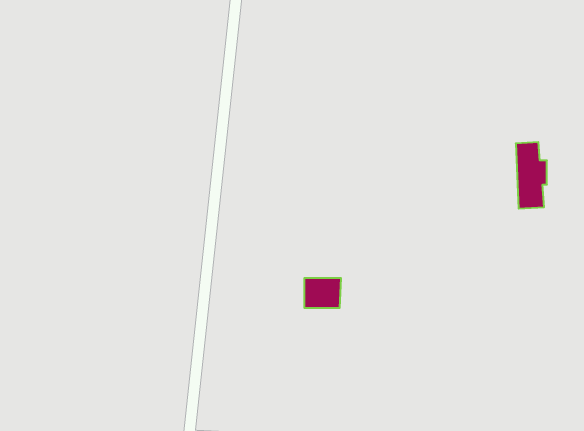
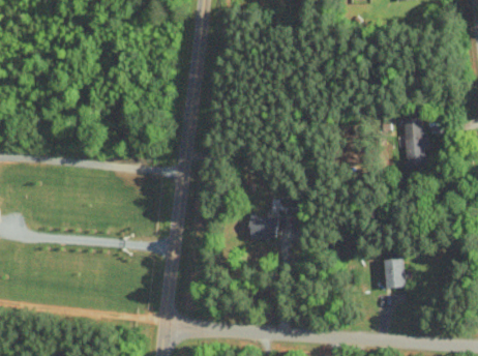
building: none -> [384,258,406,288]

